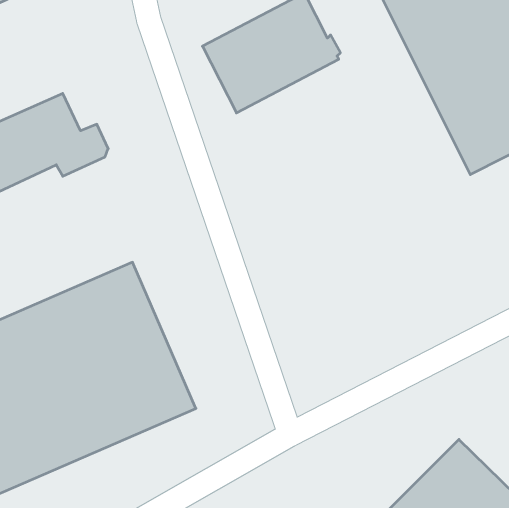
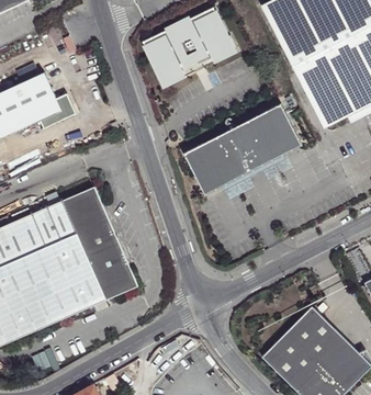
building: none -> [182,102,300,192]

